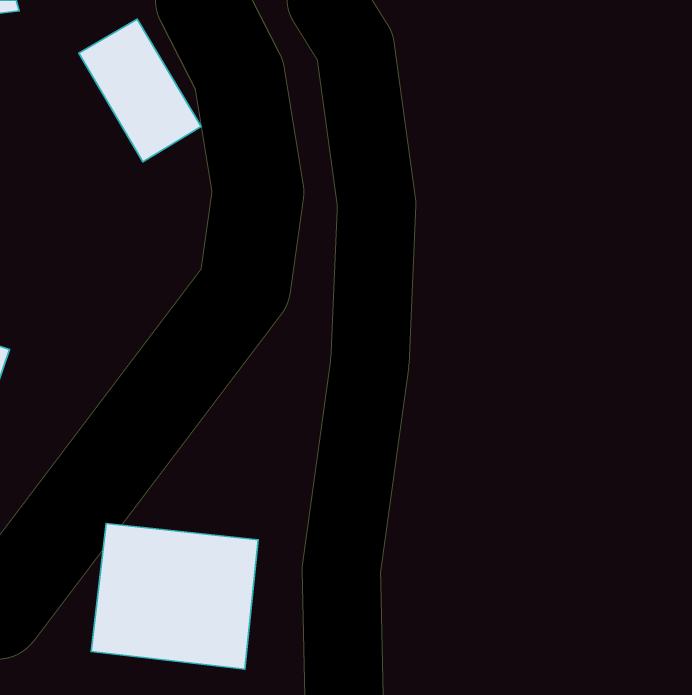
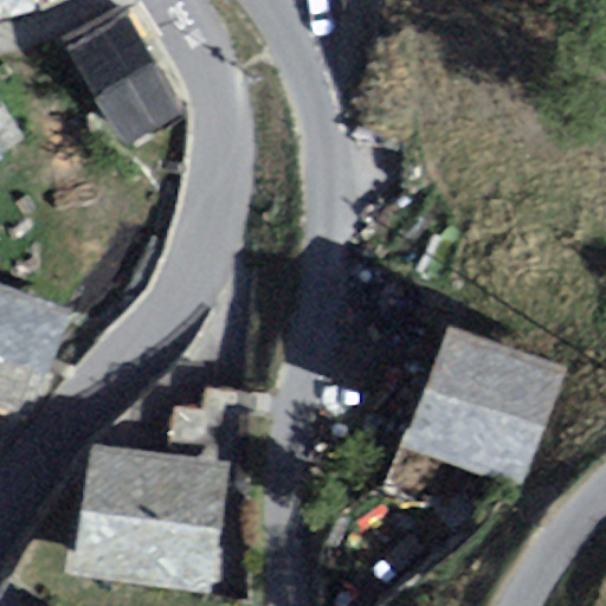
building: none -> [413,337,555,476]

